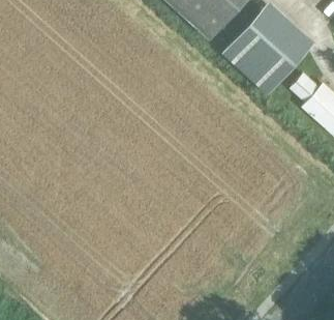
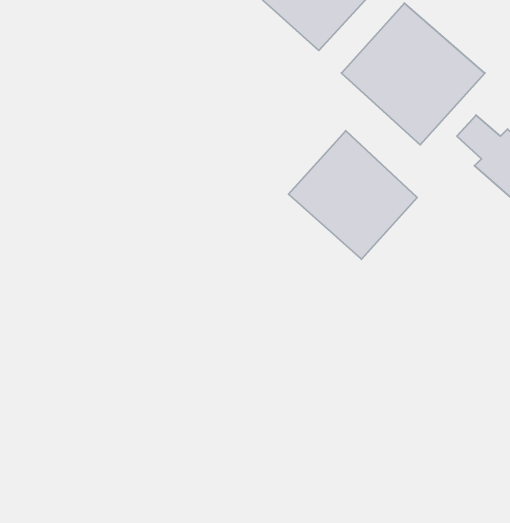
building: none -> [289,131,417,259]

